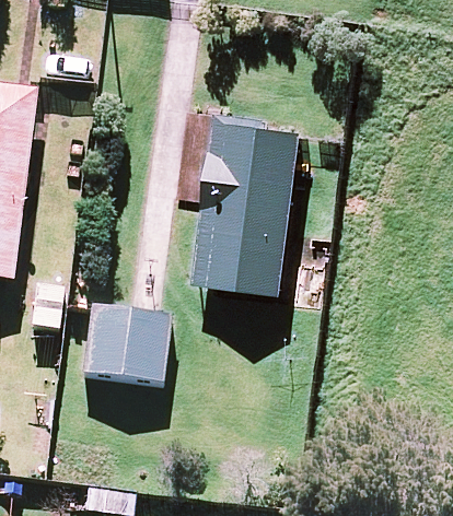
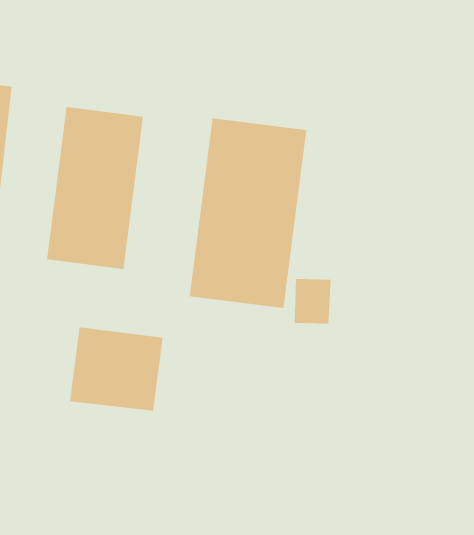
building: none -> [47,106,143,270]

